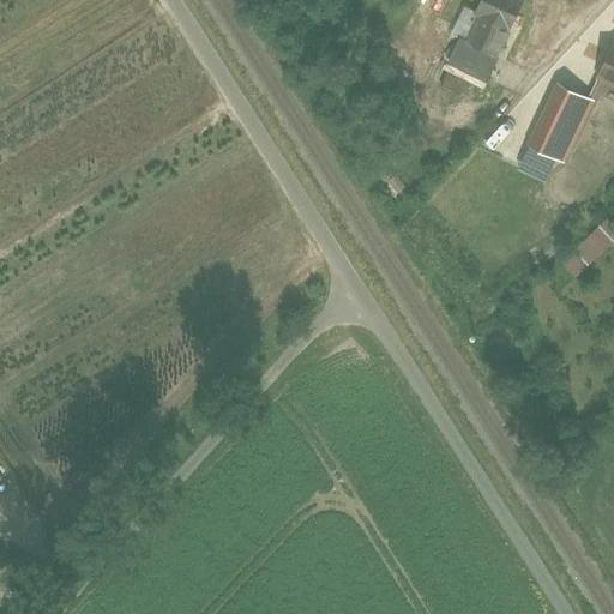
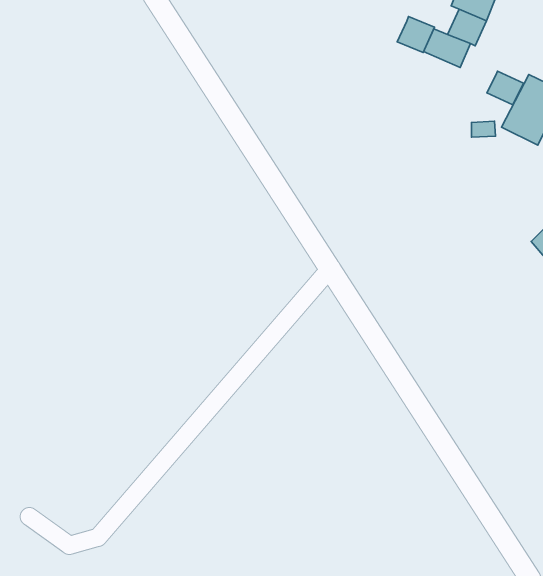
building: none -> [397,17,434,52]
building: none -> [487,71,524,105]

